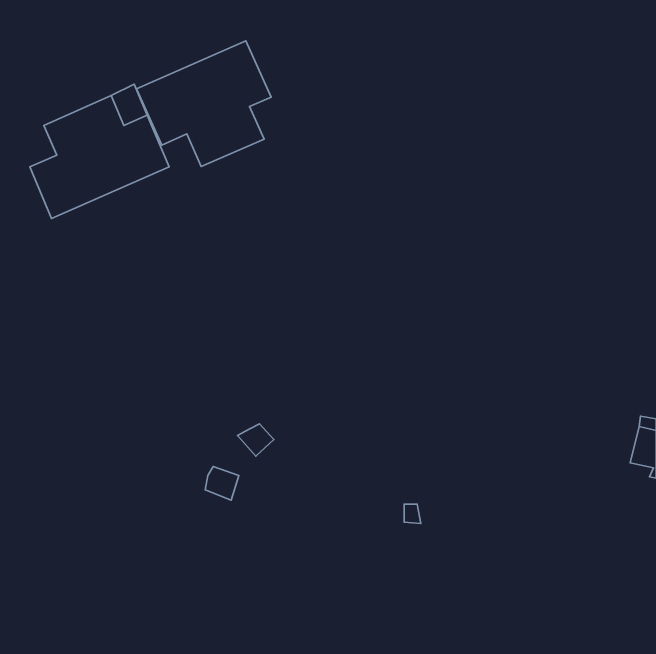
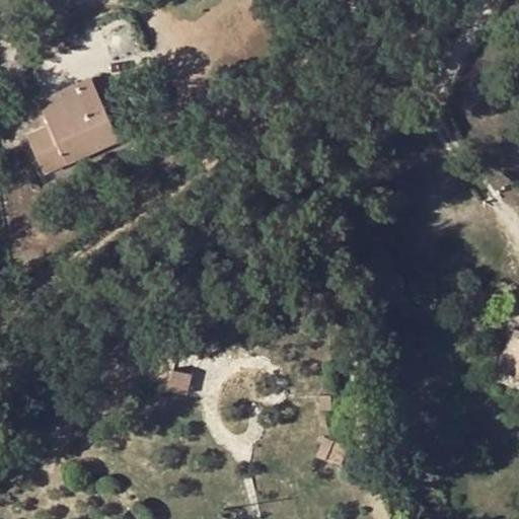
building: [136,41,271,166] -> none

